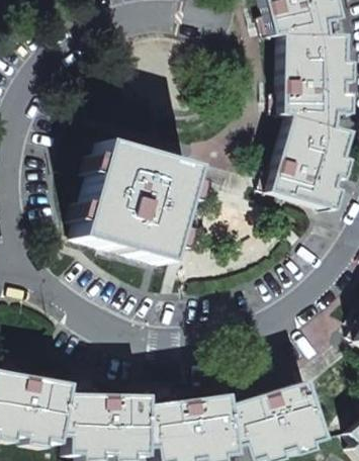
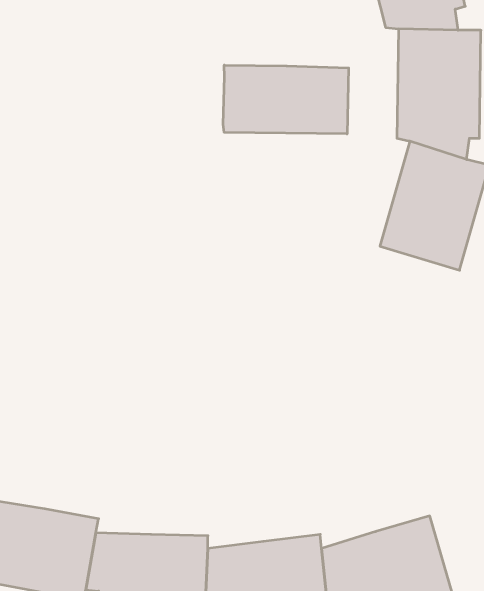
building: none -> [223,65,349,134]
building: [78,144,193,263] -> none

